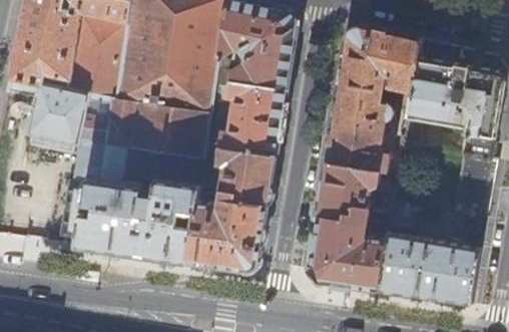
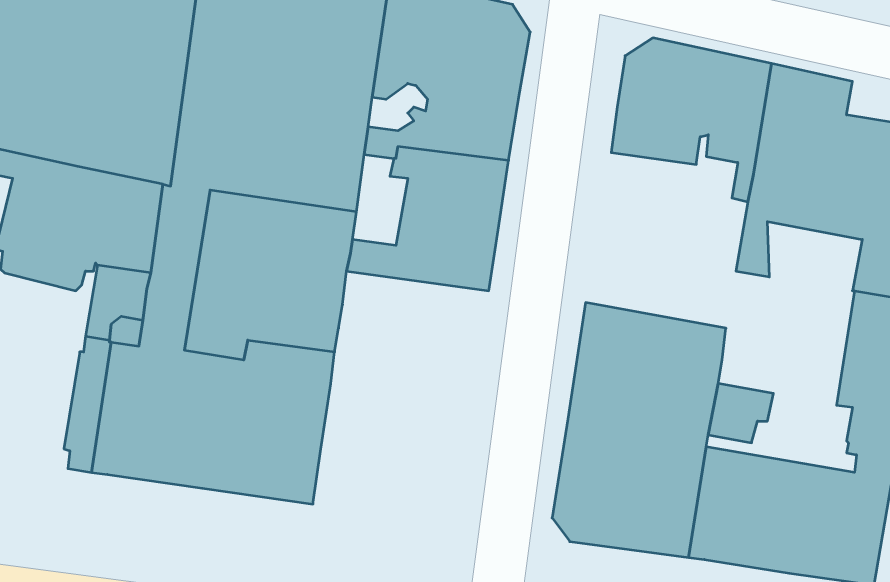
building: [326,82,400,172] -> none
building: [187,142,277,270] -> none

